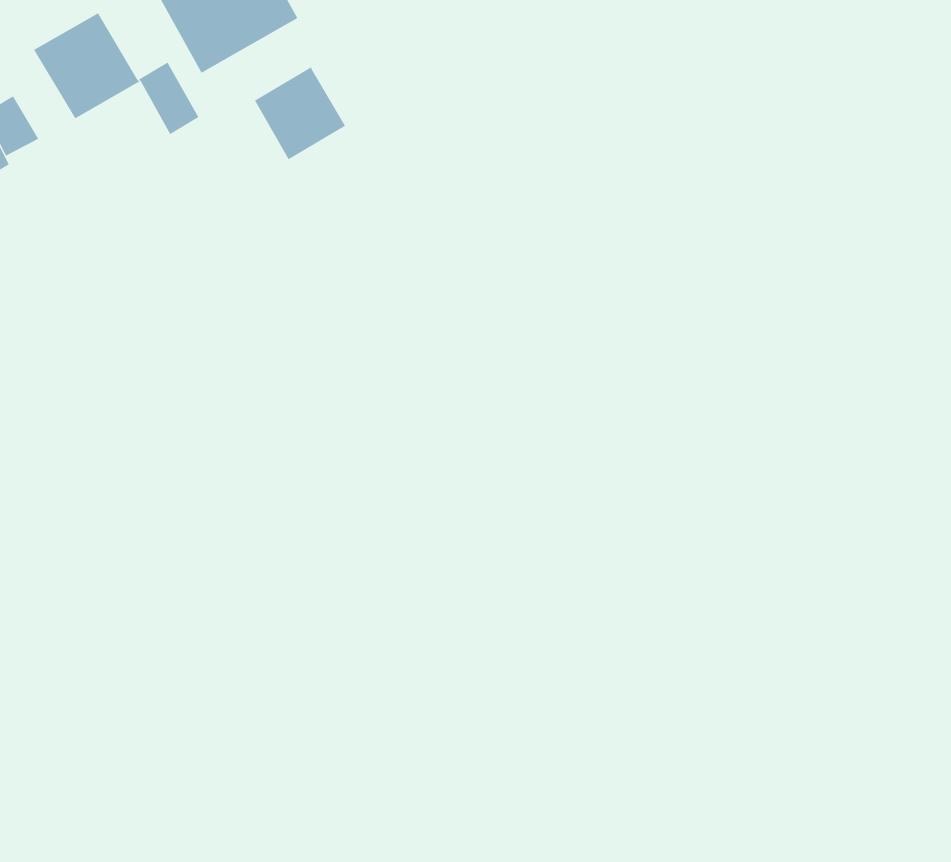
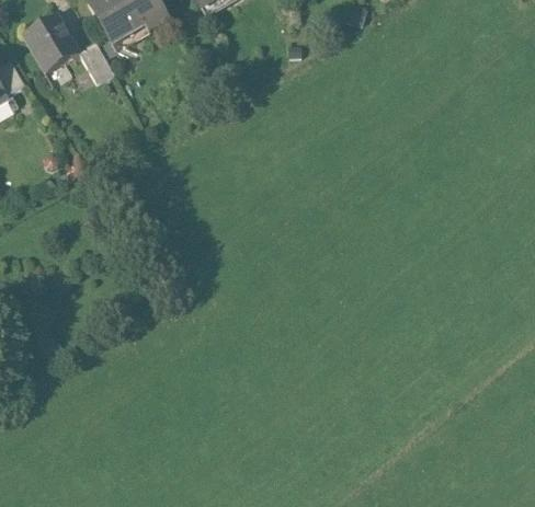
building: [254,66,346,160] -> none

